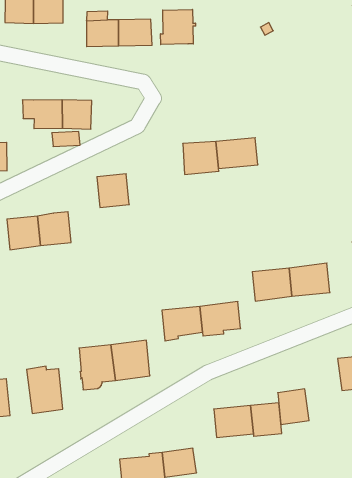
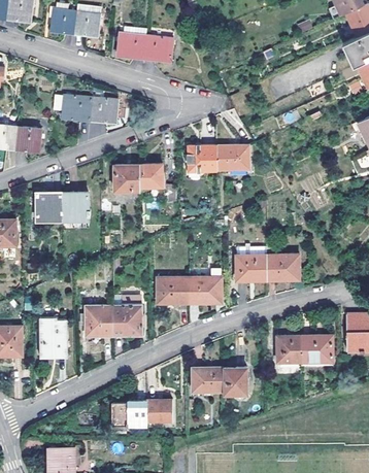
building: [161,9,196,45] -> none
building: none -> [139,165,163,191]
building: [278,389,309,425] -> [277,336,301,364]

